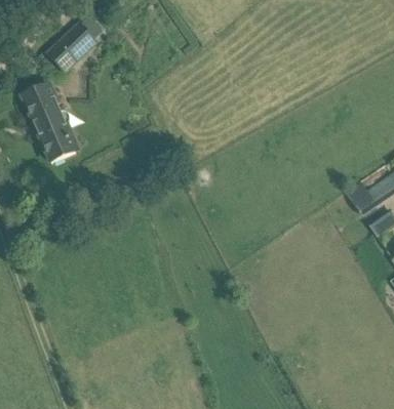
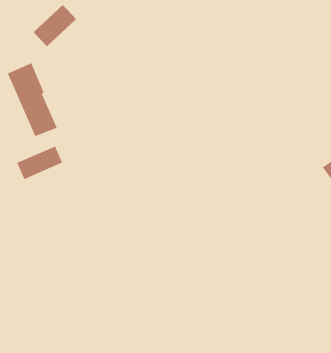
building: none -> [16,145,63,180]

